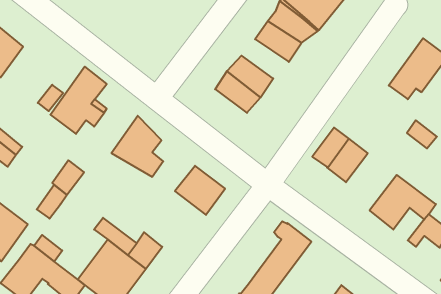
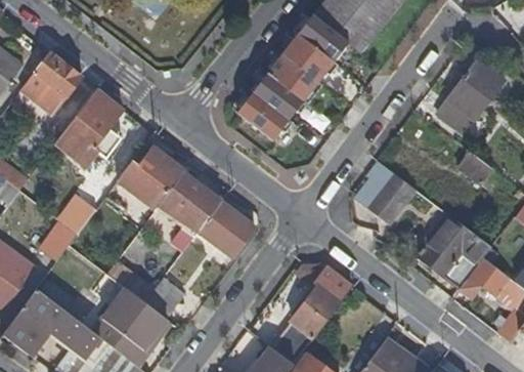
building: none -> [33,51,81,106]
building: none -> [272,59,325,104]
building: none -> [172,173,220,233]

